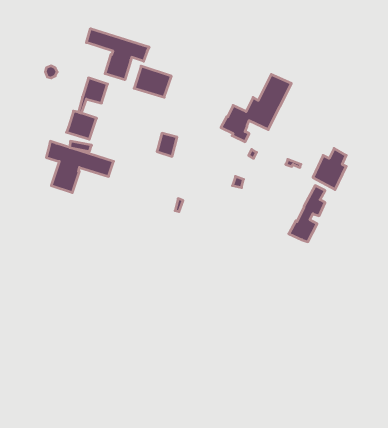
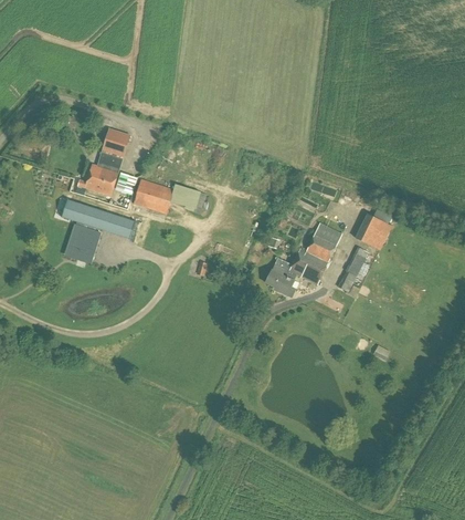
building: [86,29,149,80] -> none
building: [134,66,171,97] -> [133,179,173,214]
building: [221,74,291,142] -> [264,223,341,298]

